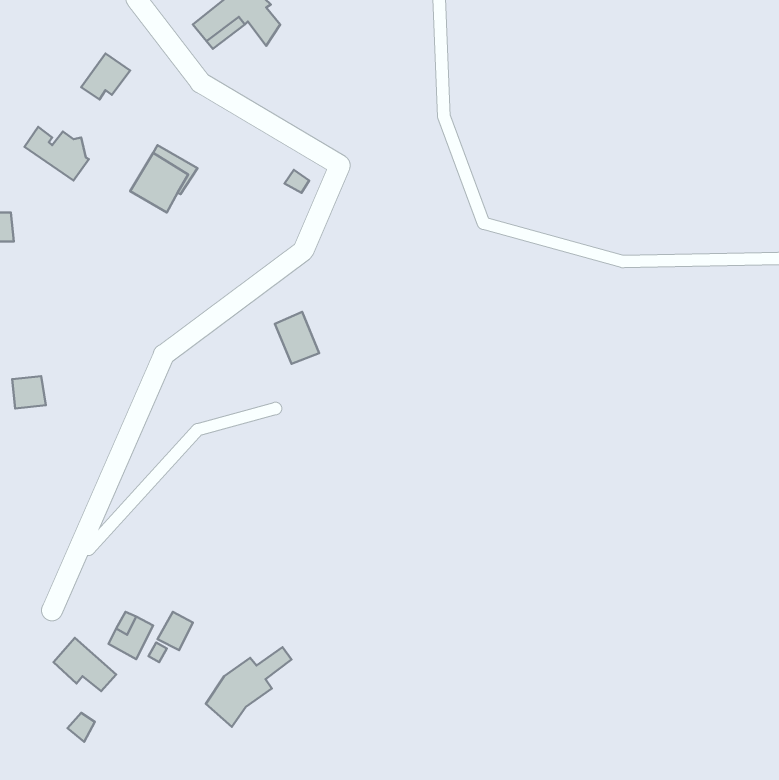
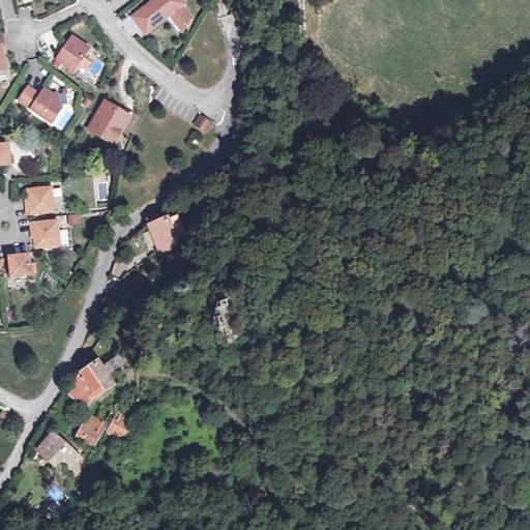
building: none -> [25,186,53,212]
building: [275,312,319,364] -> [148,216,178,252]
building: none -> [30,220,59,246]
building: [206,647,292,727] -> [65,354,123,408]

